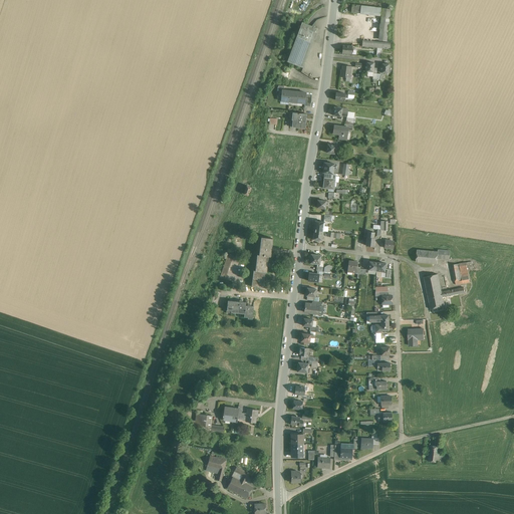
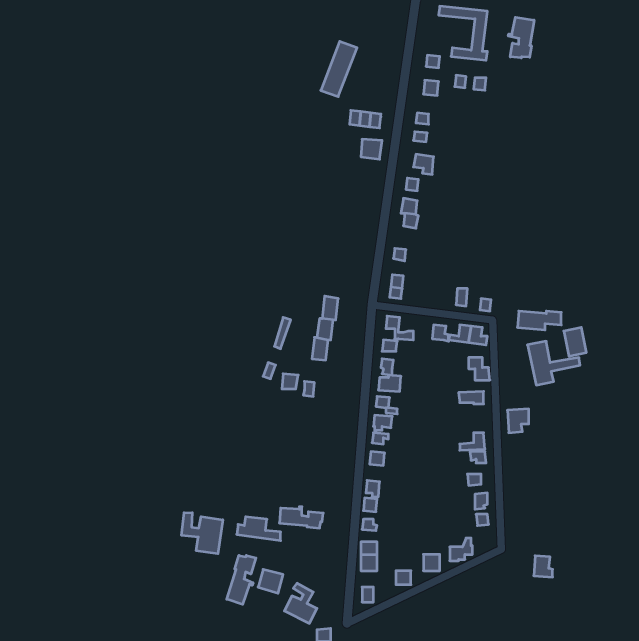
building: none -> [508,17,534,58]
building: [286,23,315,67] -> [321,41,357,97]
building: none -> [182,513,223,554]
building: none -> [227,555,256,604]

